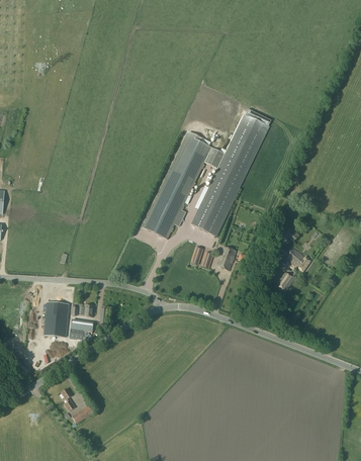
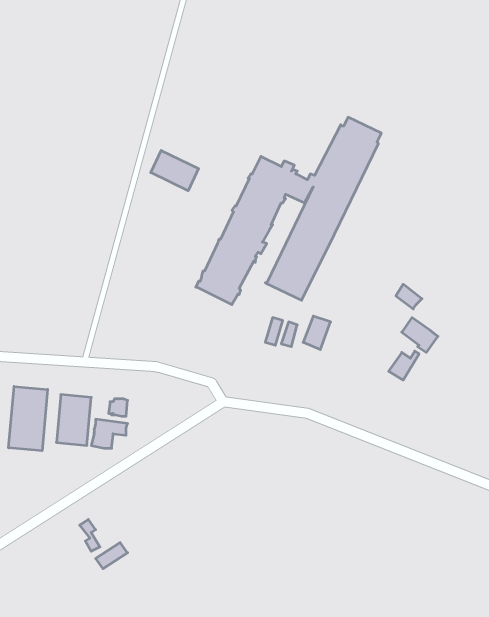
building: none -> [151,150,199,191]
building: none -> [9,386,48,451]

